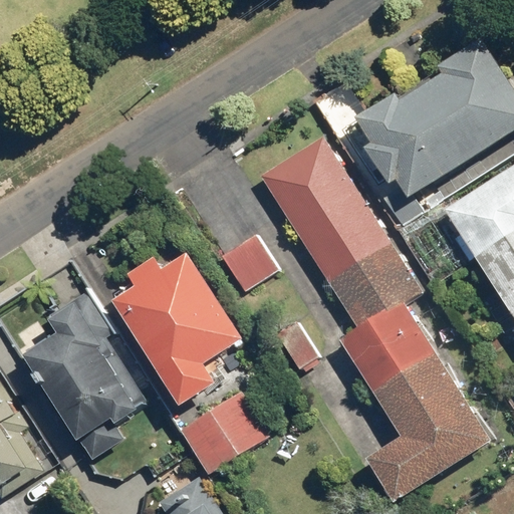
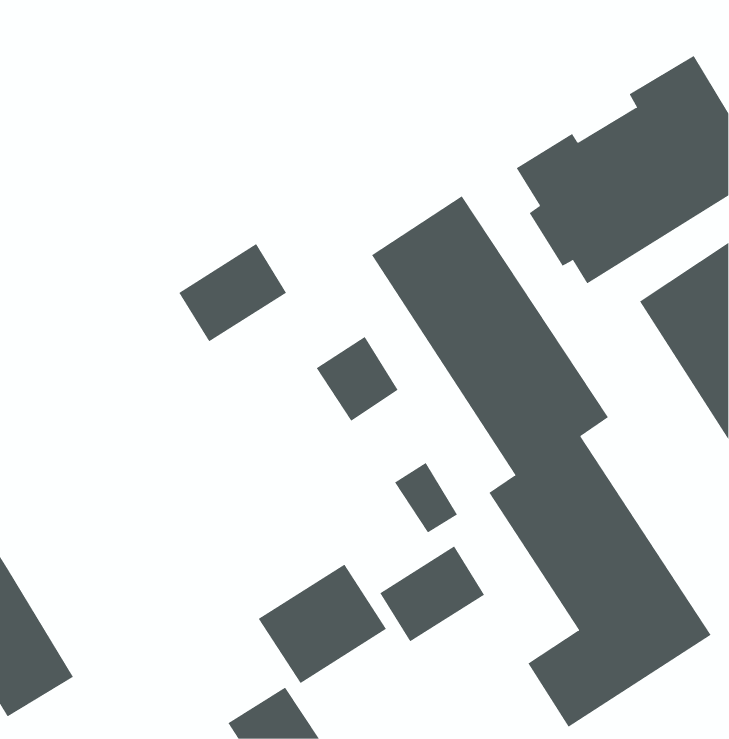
building: none -> [178,243,287,342]
building: [112,252,242,405] -> none
building: [23,292,146,460] -> none
building: none -> [379,546,485,642]

